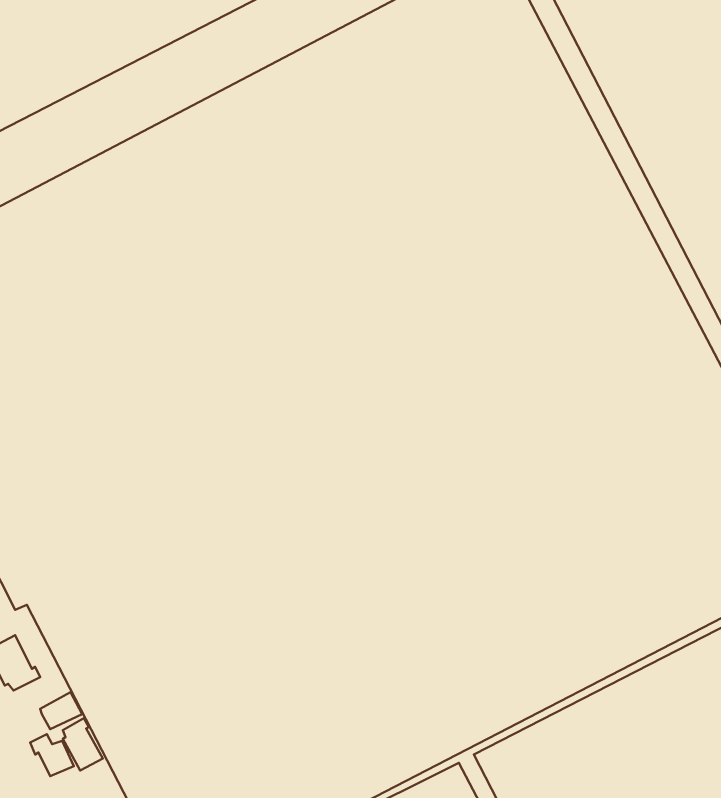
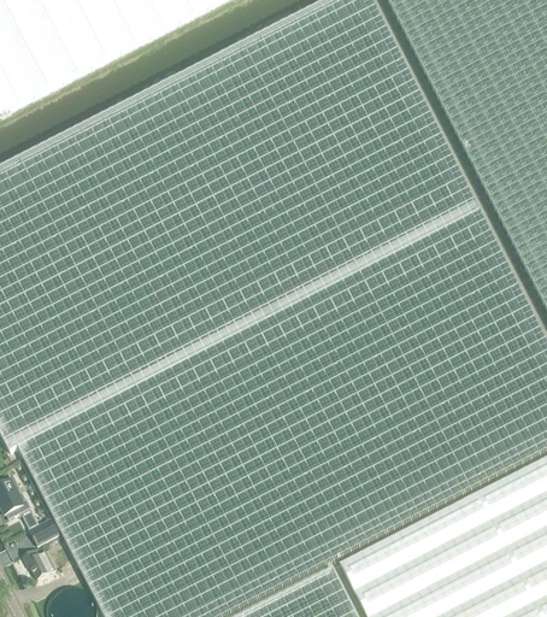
building: [63,718,103,771] -> none

